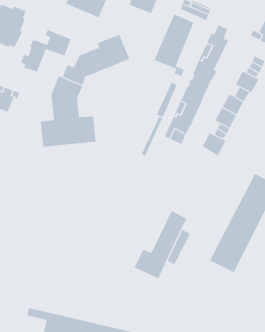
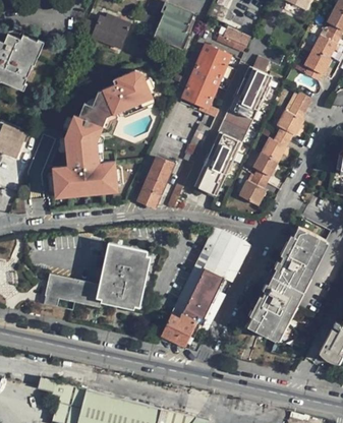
building: [20,29,71,73] -> none
building: none -> [138,157,173,207]
building: none -> [171,229,251,317]
building: none -> [44,245,151,313]

